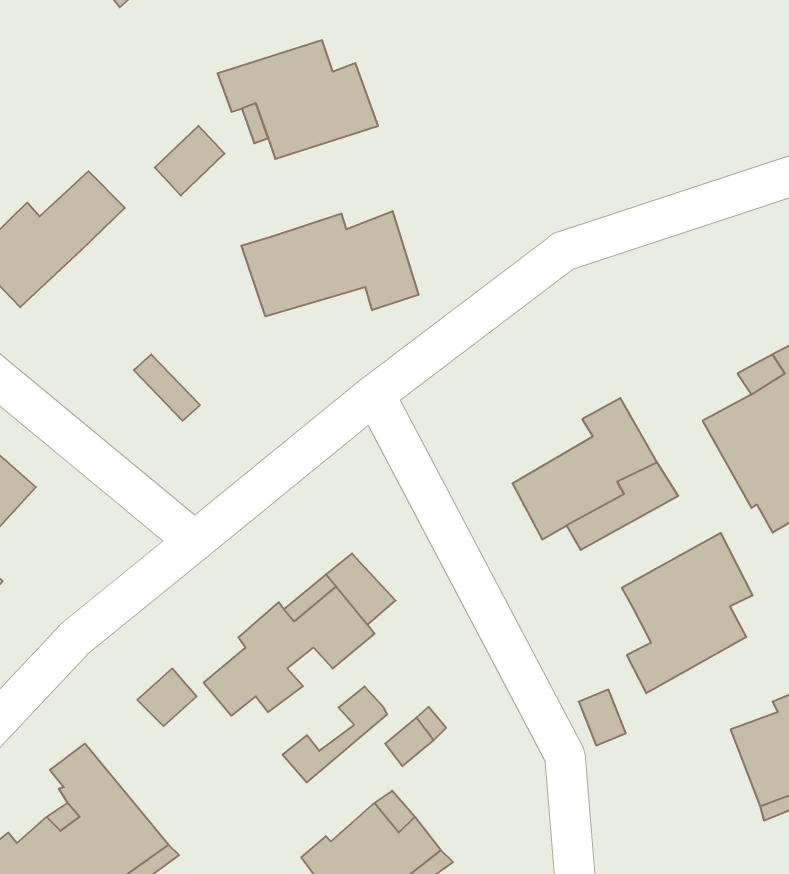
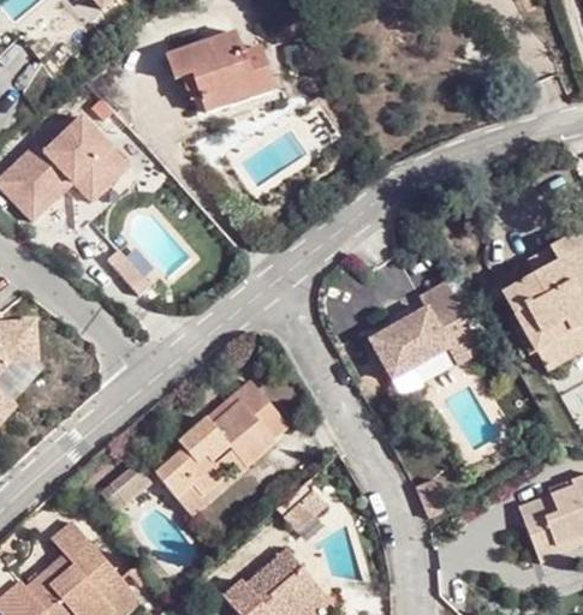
building: [155,126,225,196] -> [71,148,119,196]
building: [241,211,418,316] -> none
building: [622,533,753,693] -> none
building: [283,686,387,782] -> [174,450,246,517]

